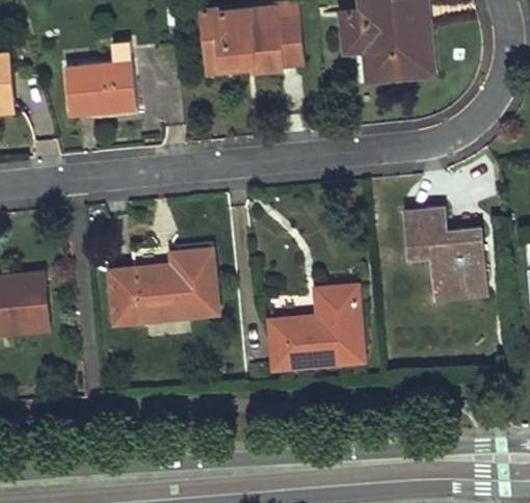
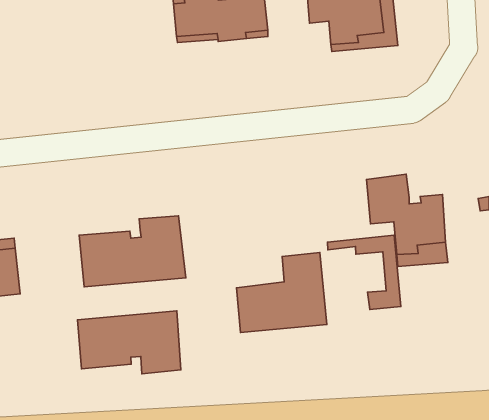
building: [64,41,136,120] -> none
building: none -> [327,235,401,309]
building: none -> [77,311,181,374]

